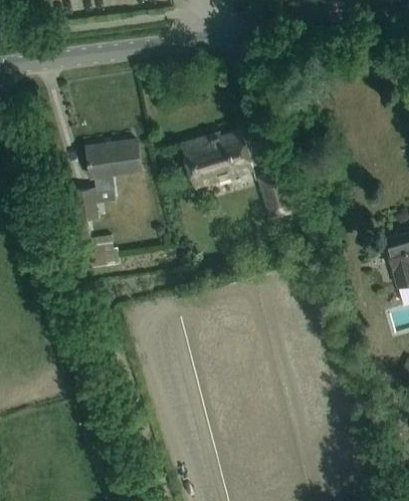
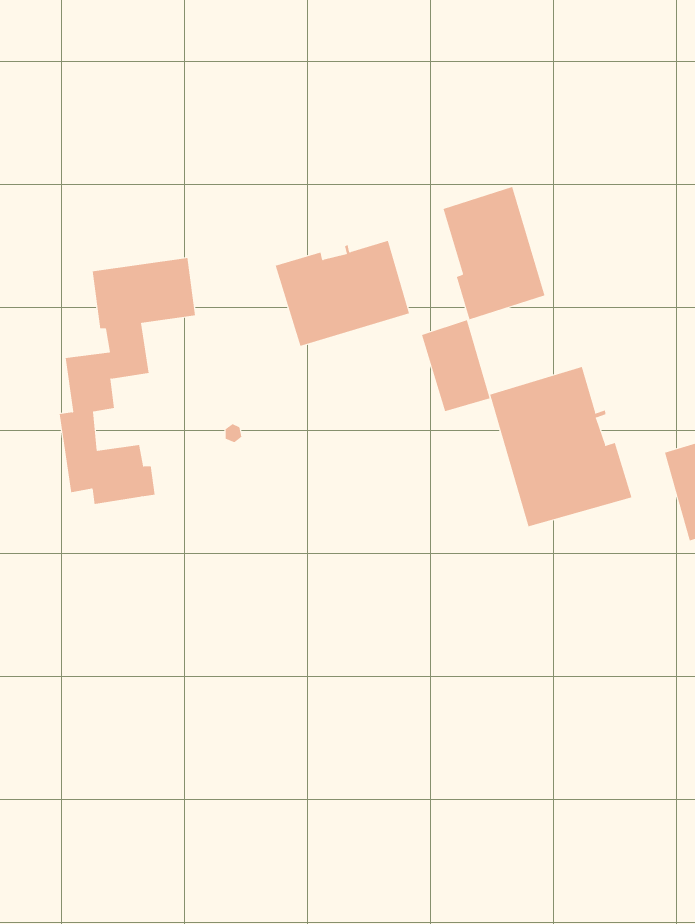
building: none -> [443,186,545,320]
building: none -> [489,366,632,527]

